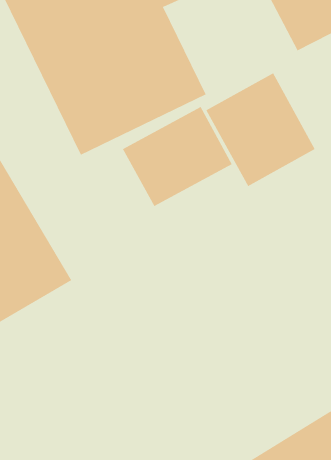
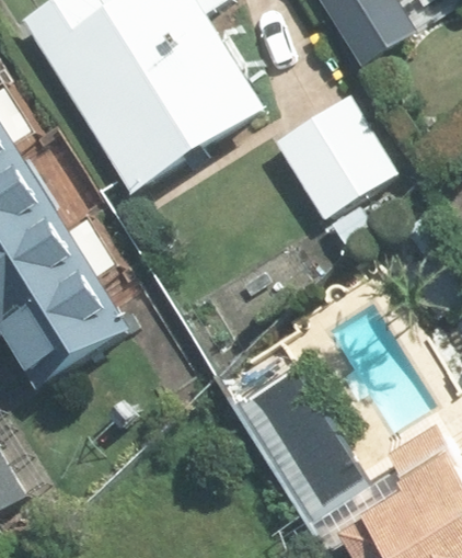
building: [122,106,233,207] -> none
building: none -> [238,366,361,516]

